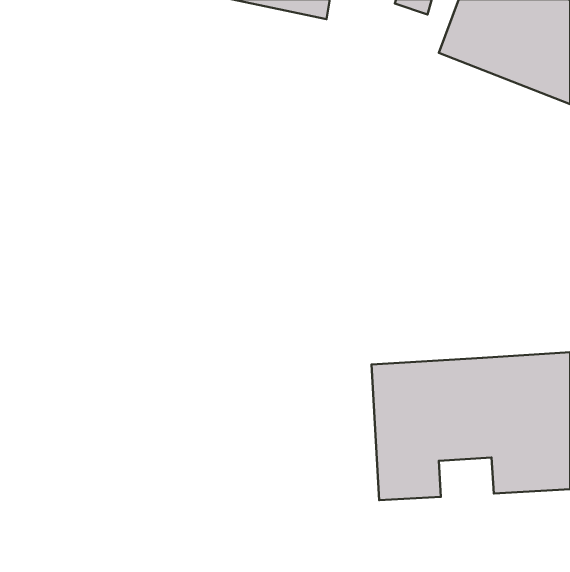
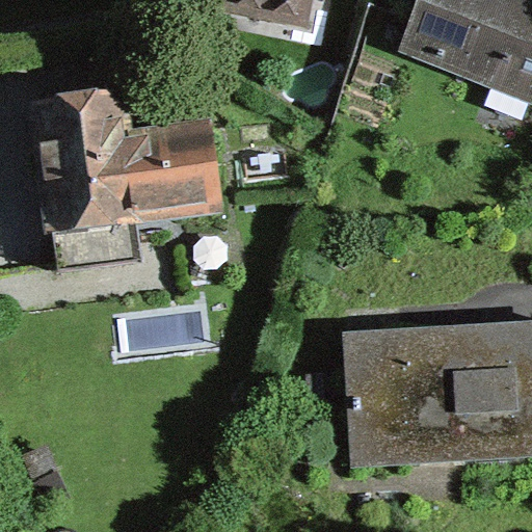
building: none -> [34,101,217,266]

